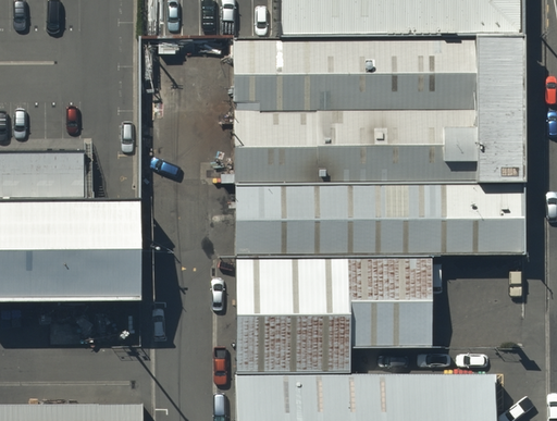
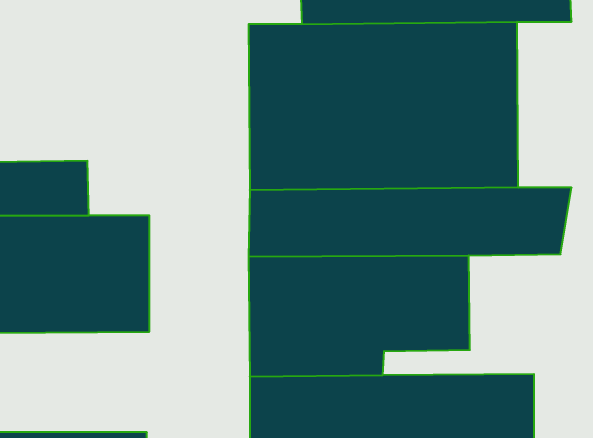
building: [475,37,524,186] -> none

